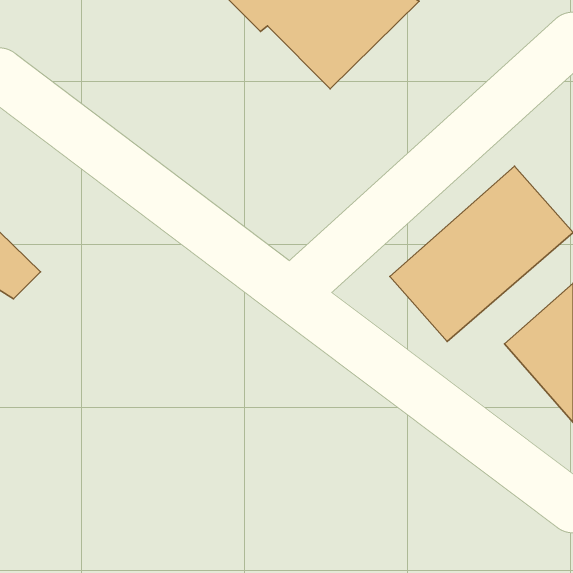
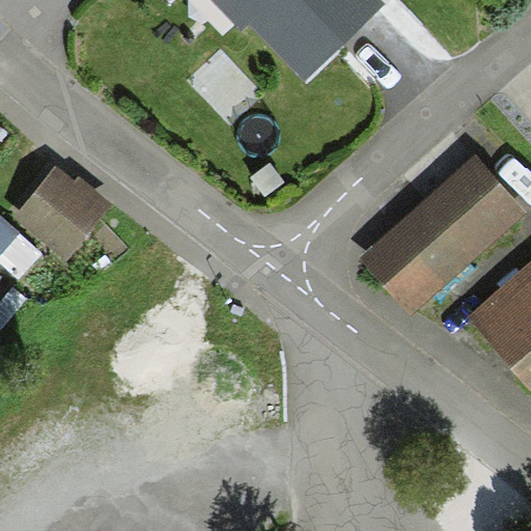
building: none -> [13,164,112,259]

